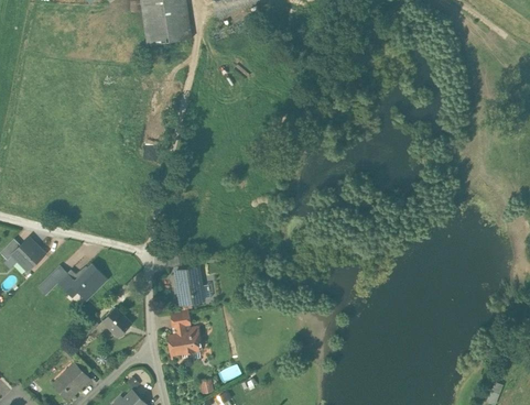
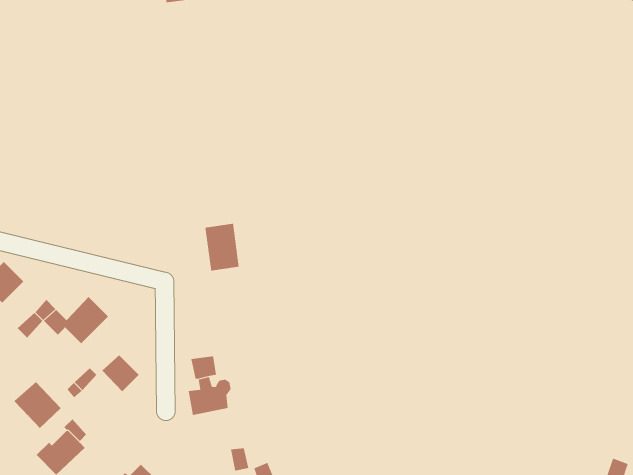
building: [175,267,202,304] -> [205,223,240,271]
building: none -> [14,381,61,429]

